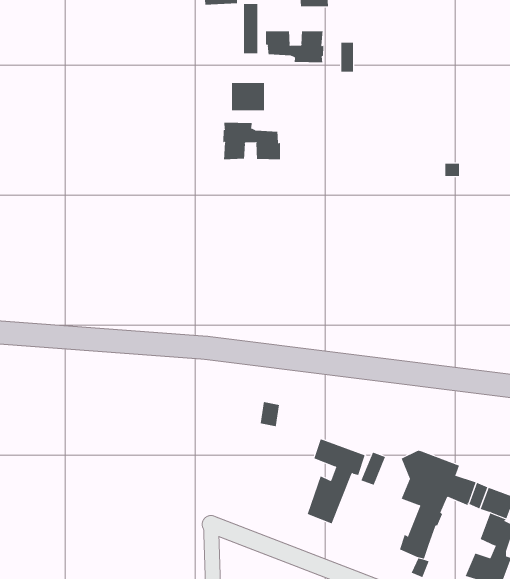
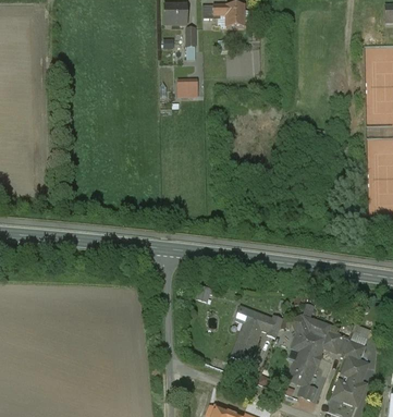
building: [265,30,324,63] -> none
building: [223,122,280,160] -> none

